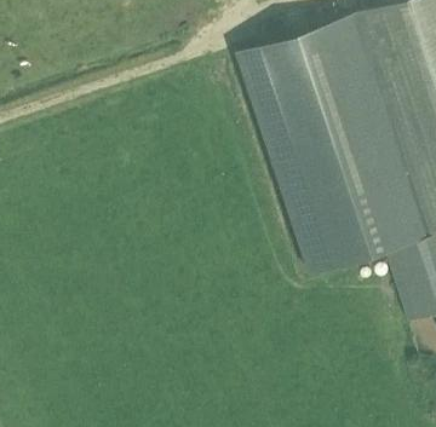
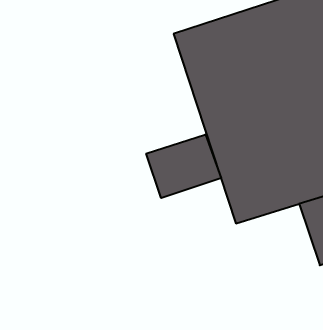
building: none -> [146,134,221,198]

